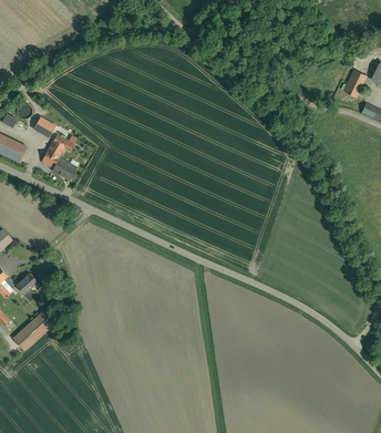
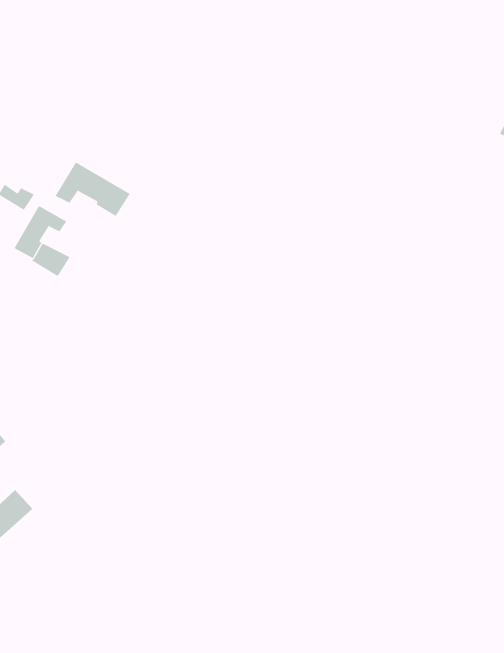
building: none -> [55,162,131,217]

